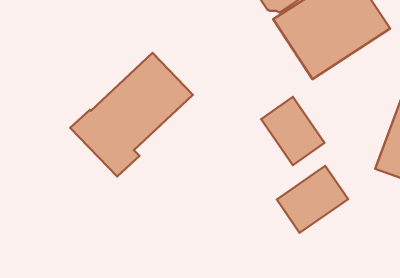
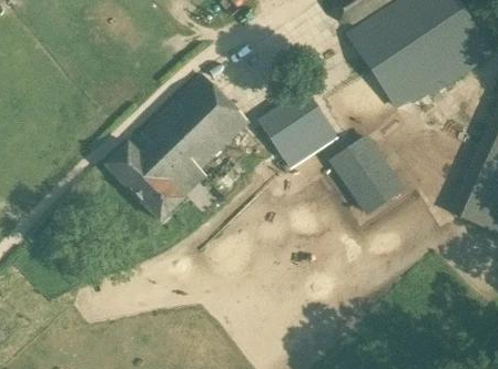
building: none -> [262,94,339,172]
building: [277,166,348,233] -> none

